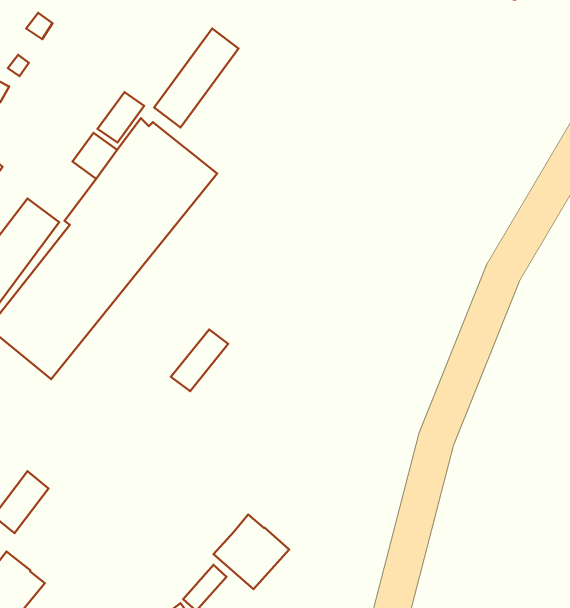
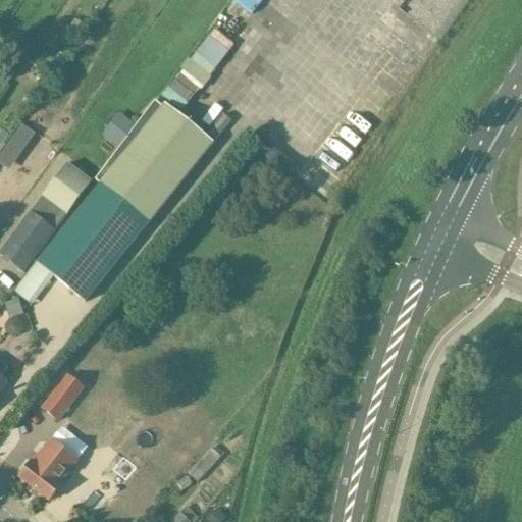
building: [98,92,144,143] -> none
building: [171,329,228,391] -> none
building: [214,514,289,589] -> none

